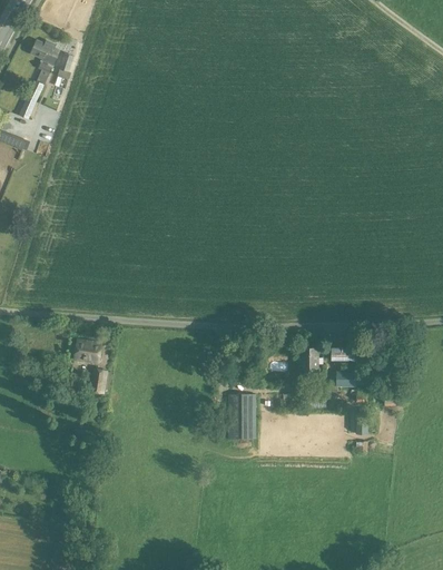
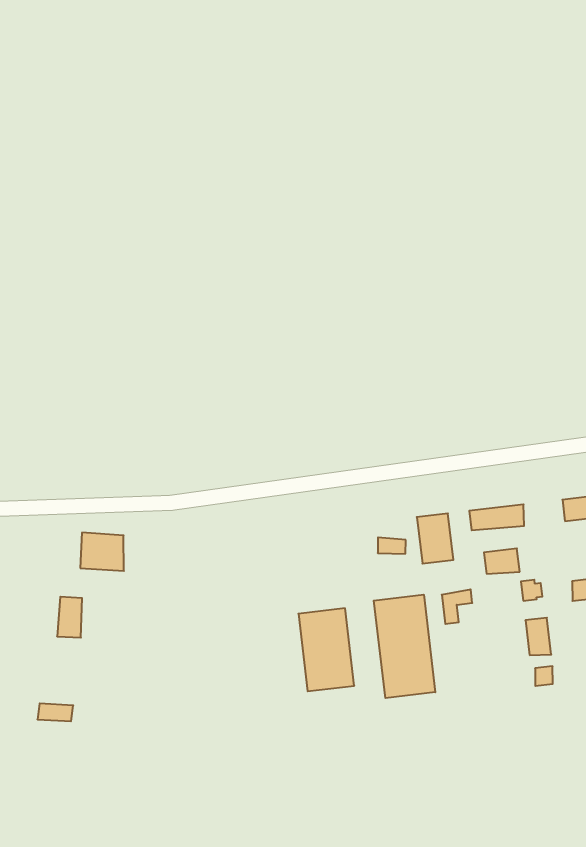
building: [73,338,100,363] -> [80,533,124,571]
building: none -> [374,595,435,698]

